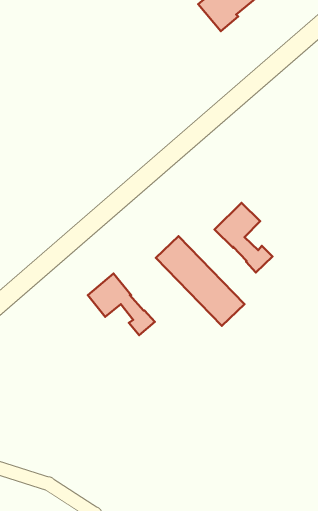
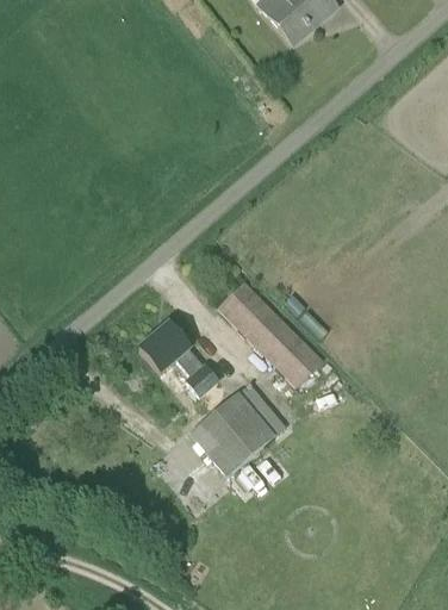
building: [214,203,273,272] -> none
building: none -> [189,384,286,477]

